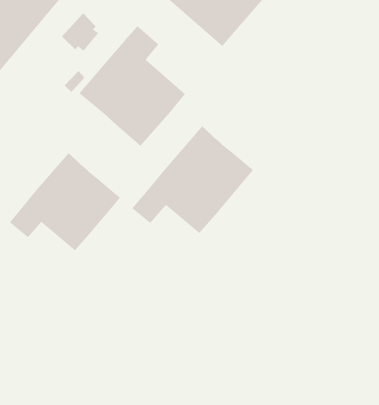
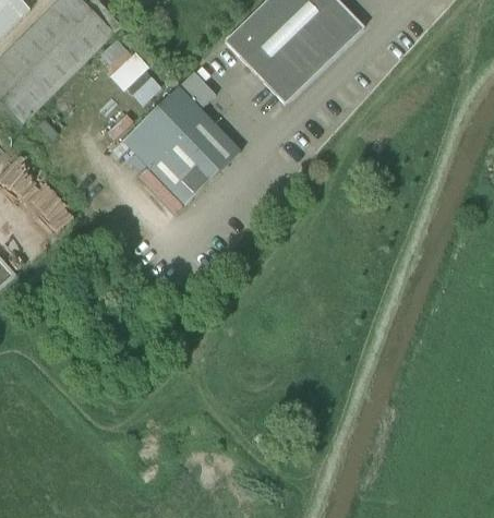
building: [132,126,254,234] -> none
building: [9,152,121,251] -> none

